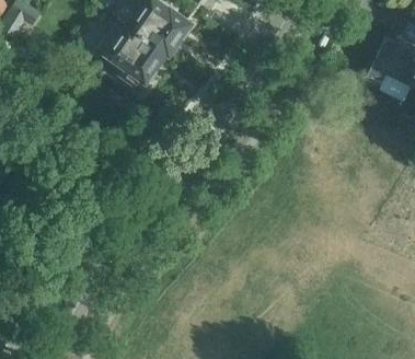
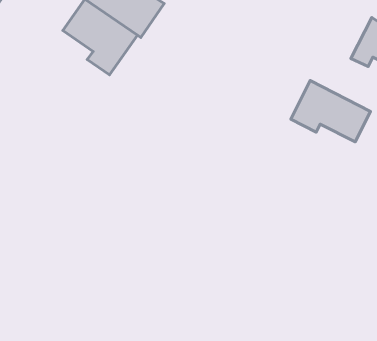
building: none -> [291,80,371,142]

